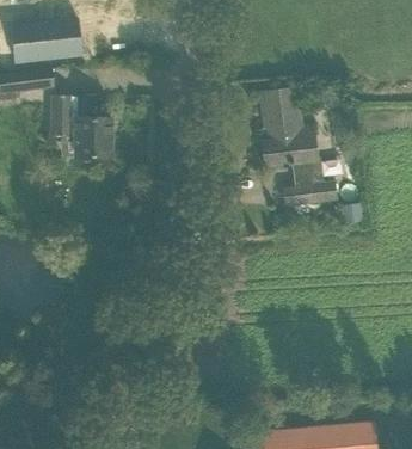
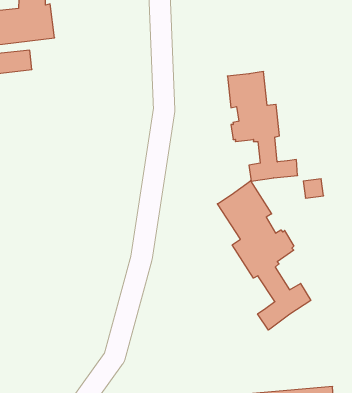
building: [51,96,111,159] -> none
building: none -> [217,181,311,330]

